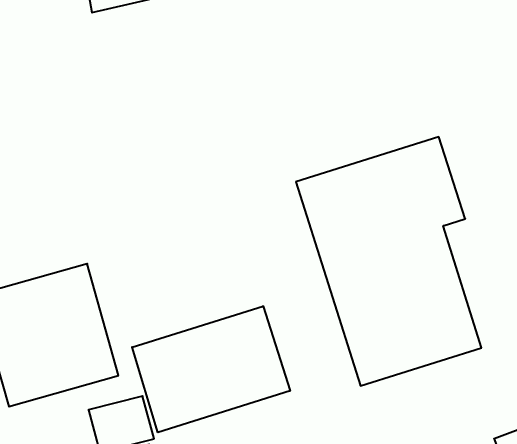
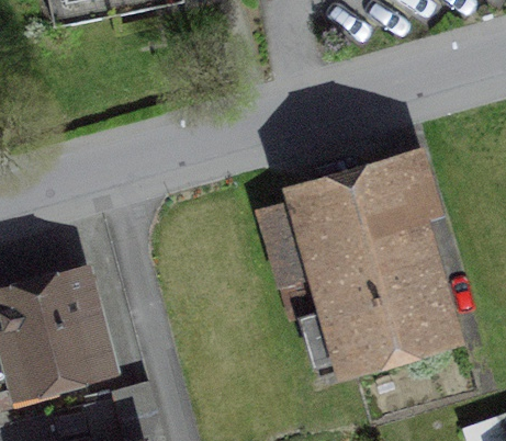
building: [132,306,290,432] -> none

